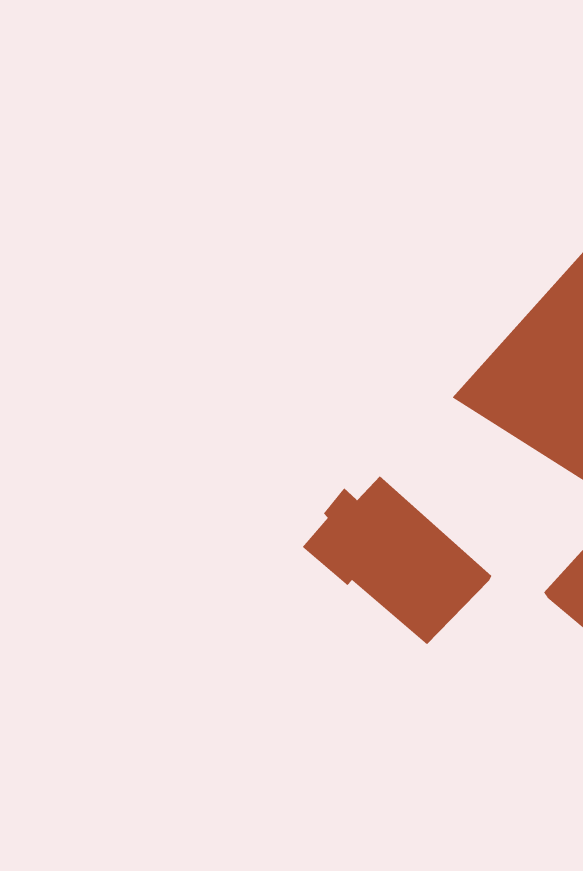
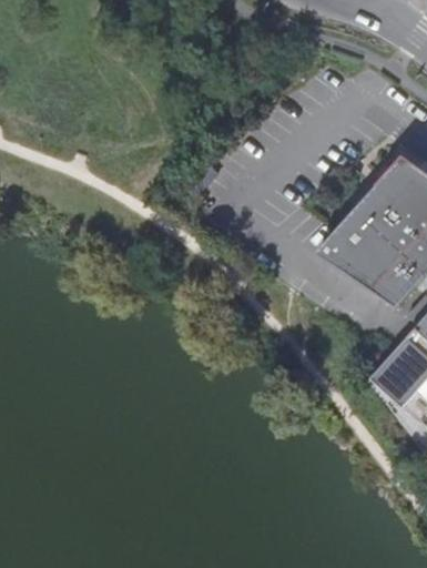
building: [302,475,492,645] -> none

